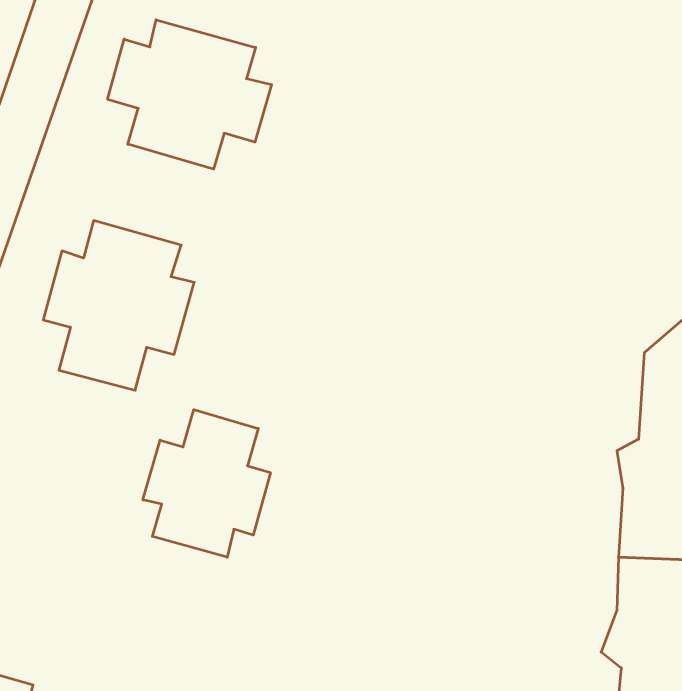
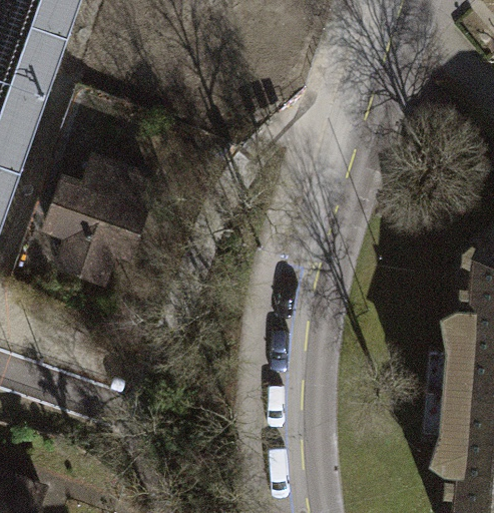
building: [108,20,272,169] -> none
building: [143,410,270,557] -> none

